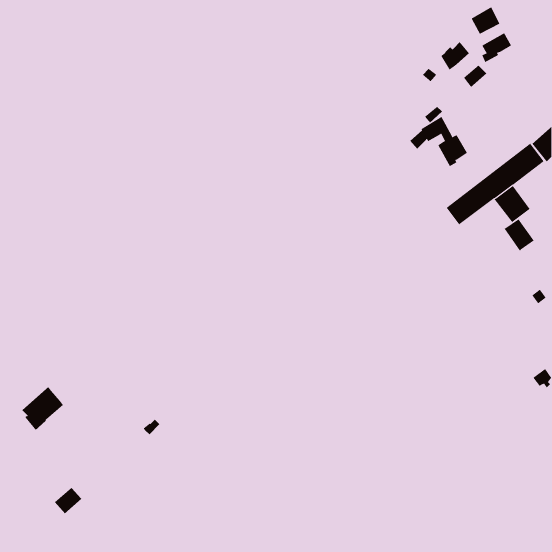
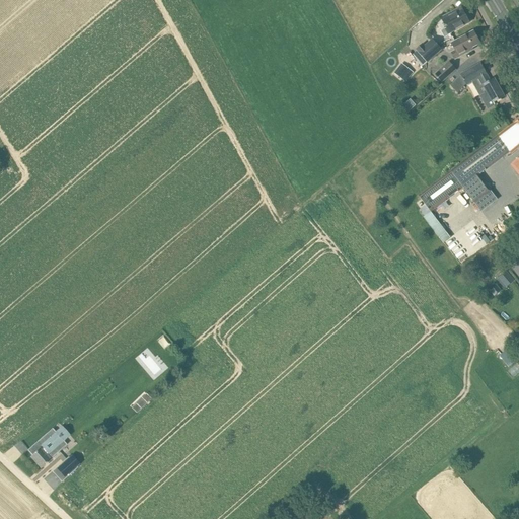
building: [410,116,468,167] -> [449,61,504,108]
building: [504,219,535,252] -> none
building: [21,386,64,431] -> [26,427,66,468]

